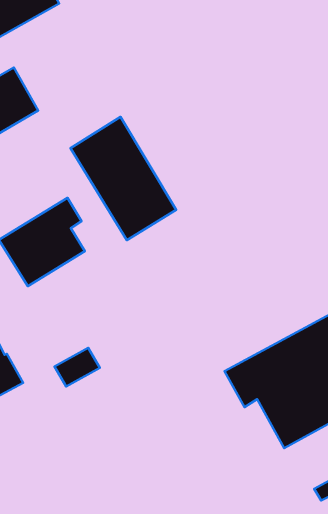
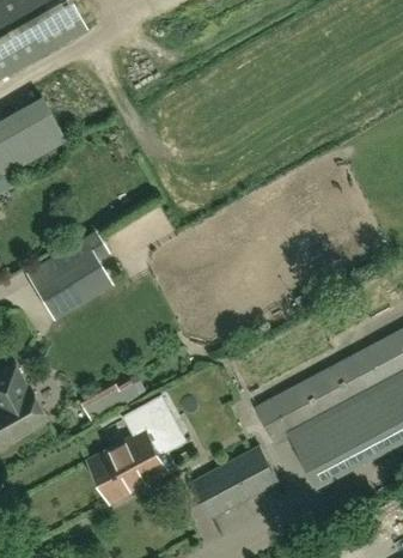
building: [71,117,176,240] -> none
building: none -> [90,396,176,502]
building: none -> [191,447,279,520]

